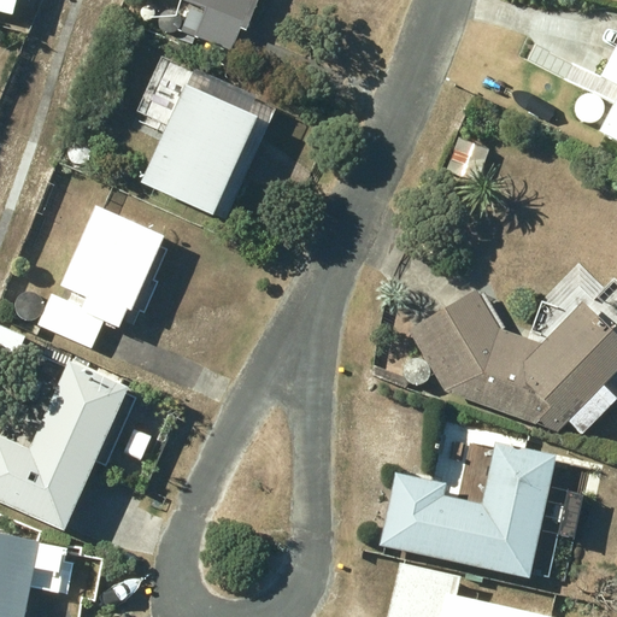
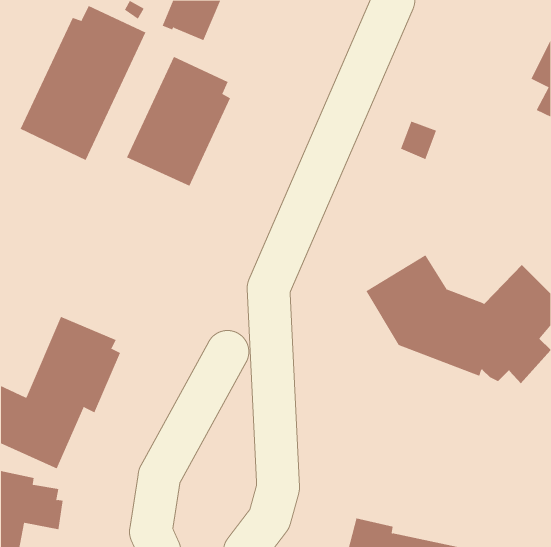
building: none -> [20,5,146,161]
building: [37,204,165,348] -> none
building: [380,442,583,577] -> none

